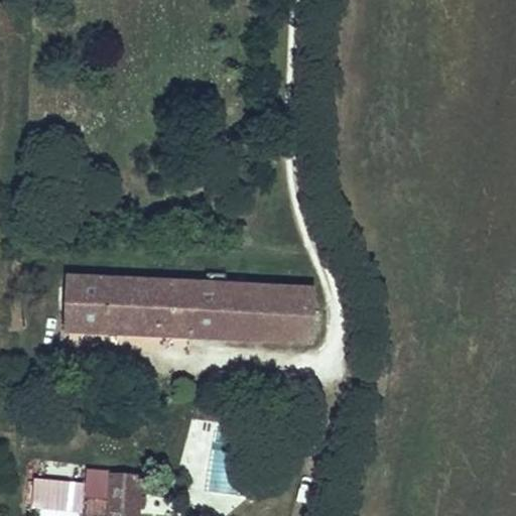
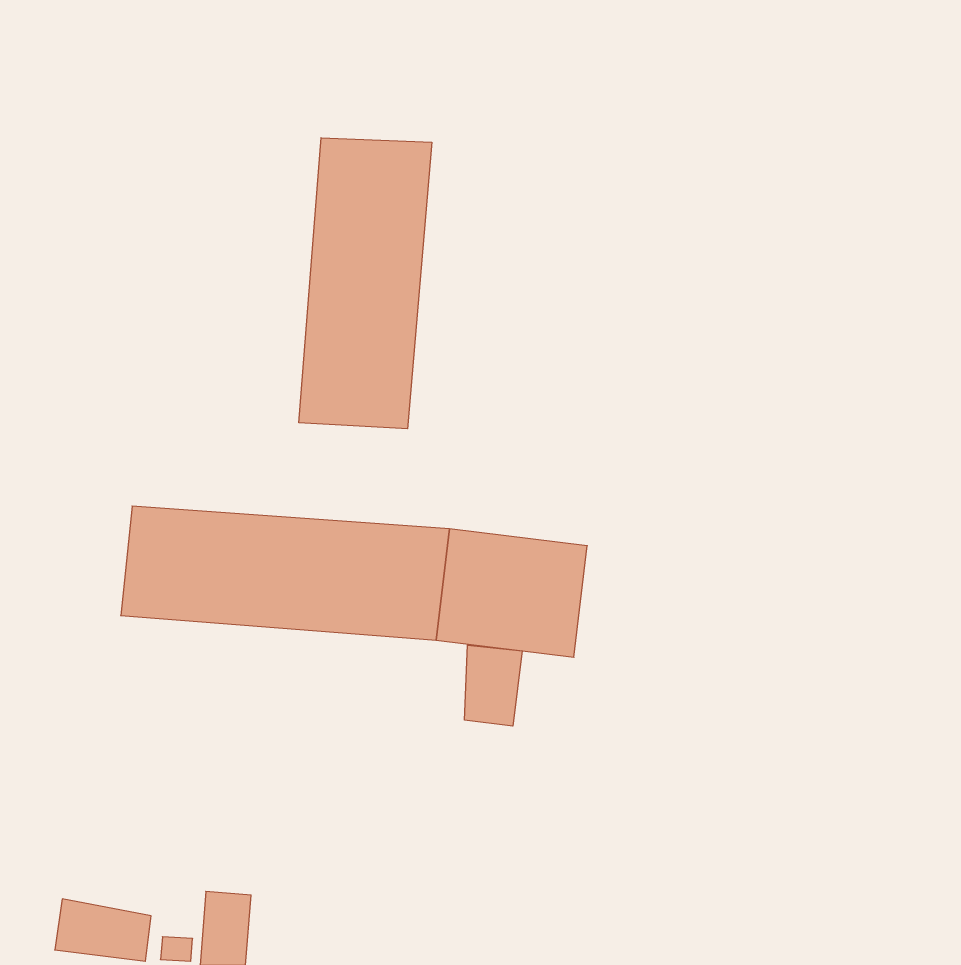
building: none -> [299,138,432,429]
building: none -> [465,645,522,726]

